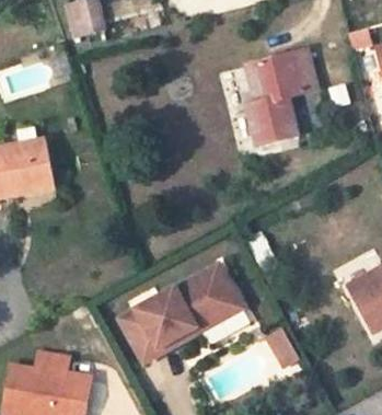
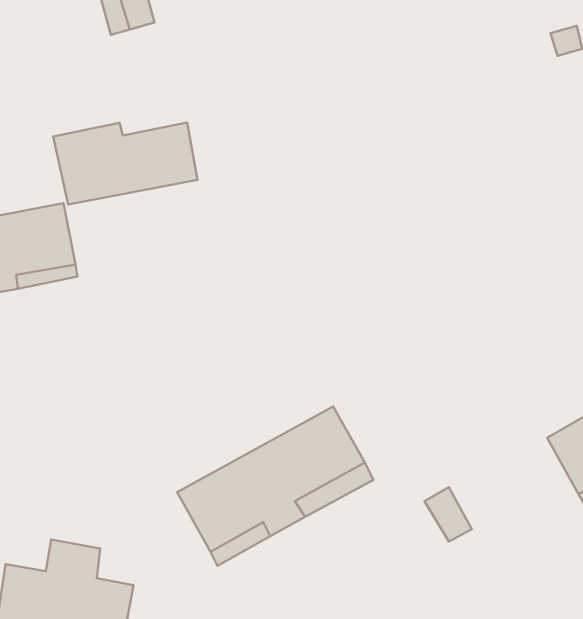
building: [246,49,317,141] -> none
building: none -> [53,122,198,204]

